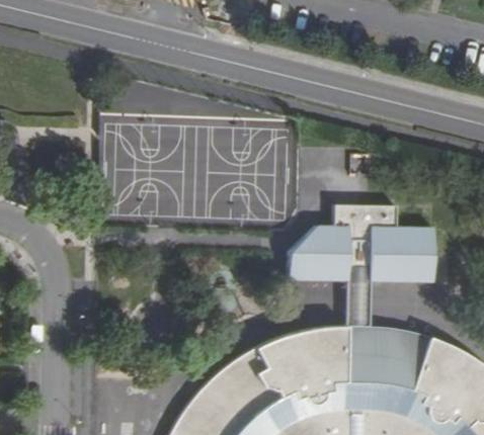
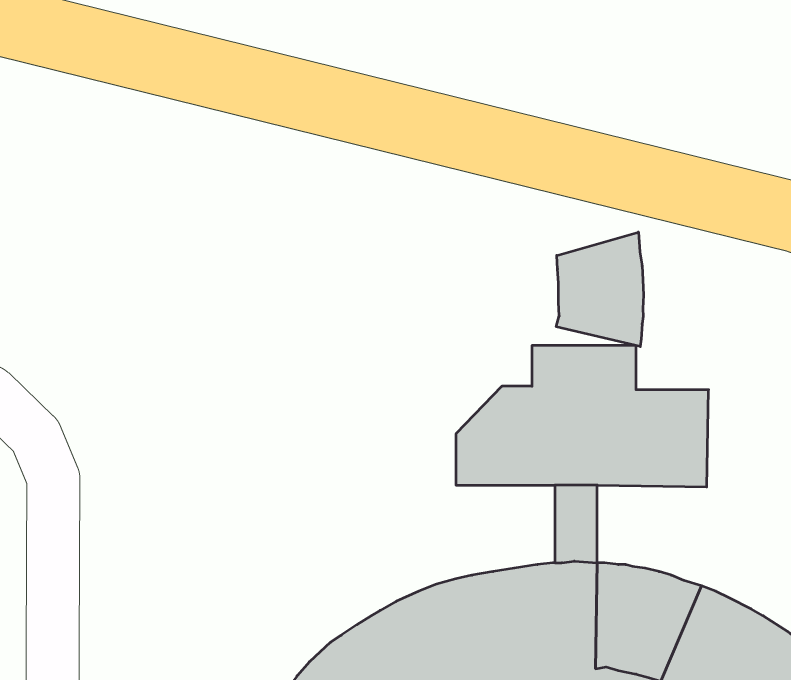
building: none -> [556,232,644,347]

